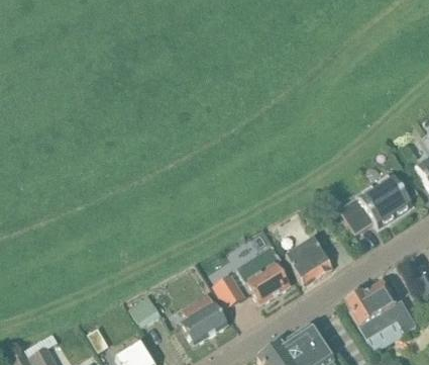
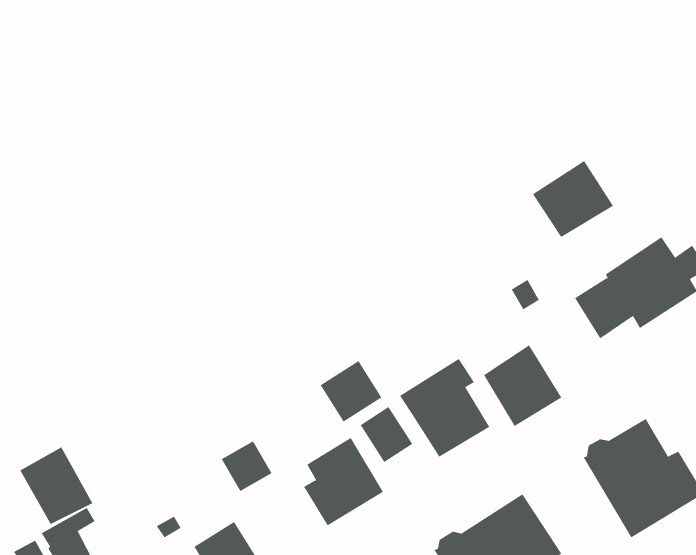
building: none -> [532,160,614,238]
building: none -> [320,360,382,422]
building: none -> [19,446,93,525]

